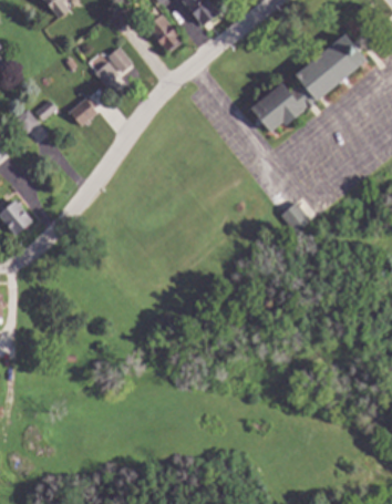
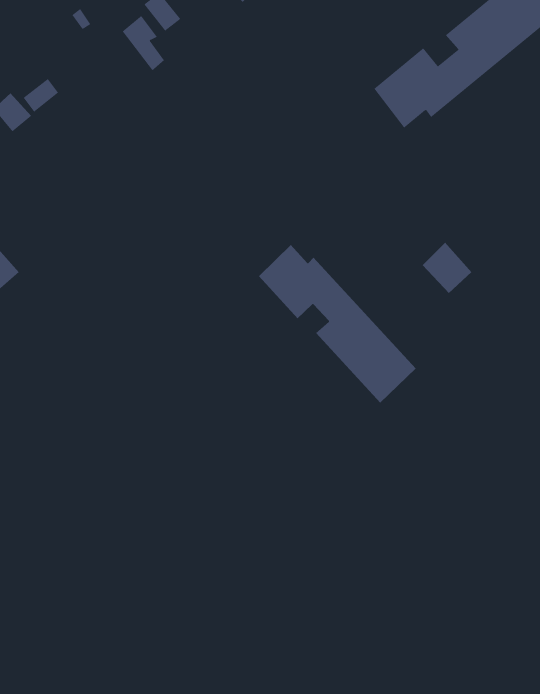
building: [69,95,99,126] -> none
building: none -> [258,244,417,404]

